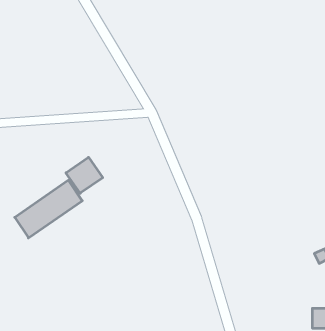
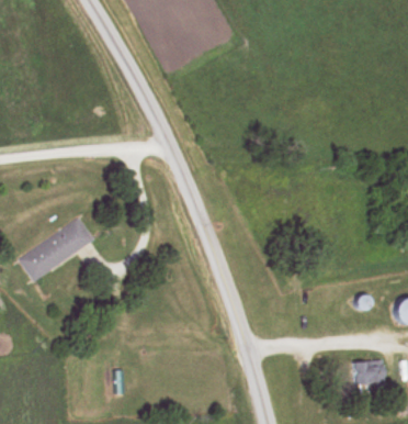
building: [66,157,103,193] -> none

